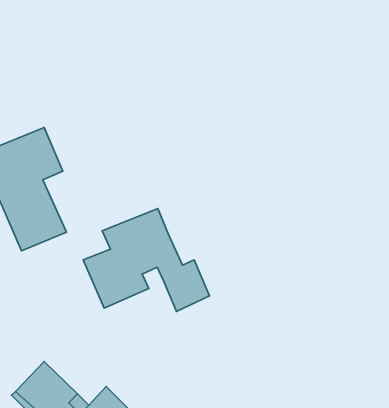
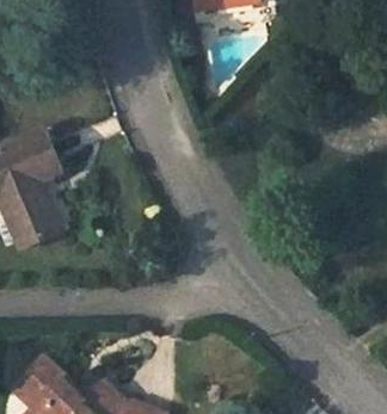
building: [83,209,210,311] -> none

